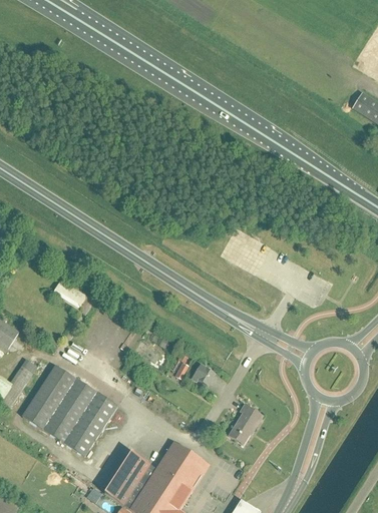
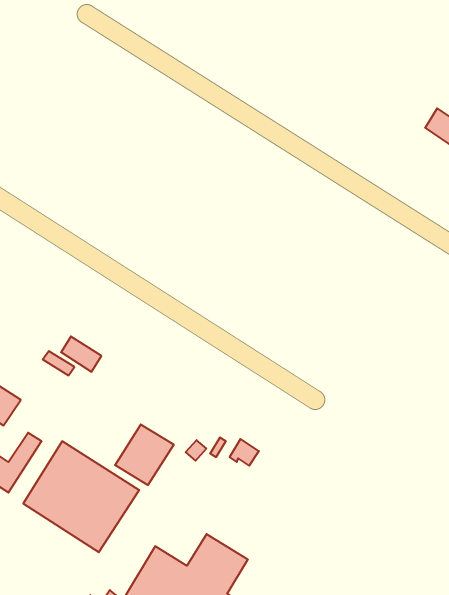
building: none -> [115,424,174,485]
building: [229,404,263,444] -> none

